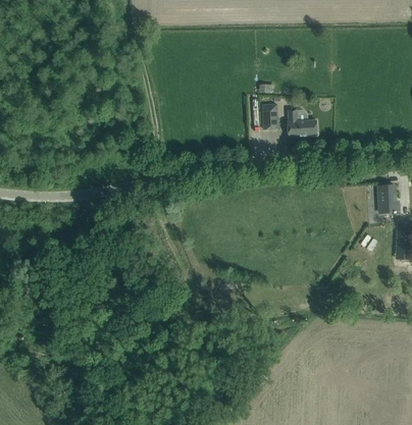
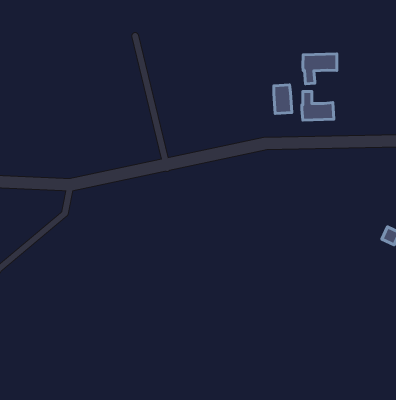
building: none -> [303,54,337,84]

